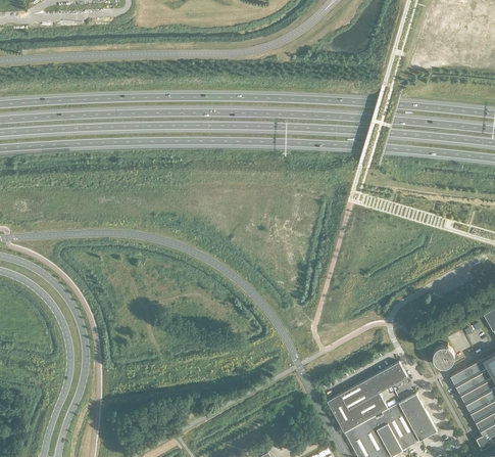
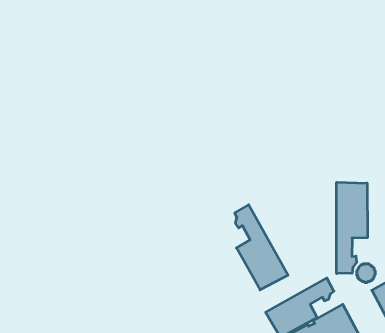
building: none -> [337,182,367,274]
building: none -> [235,205,288,290]

